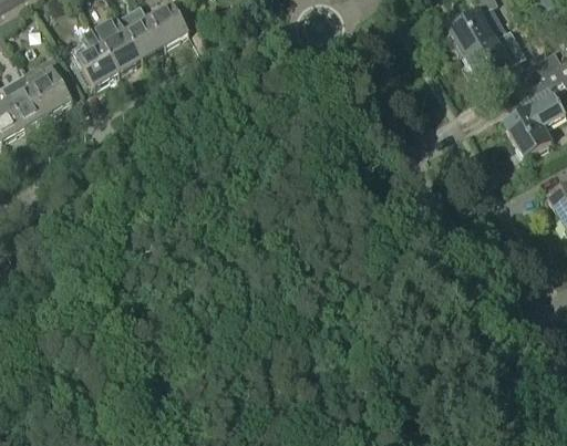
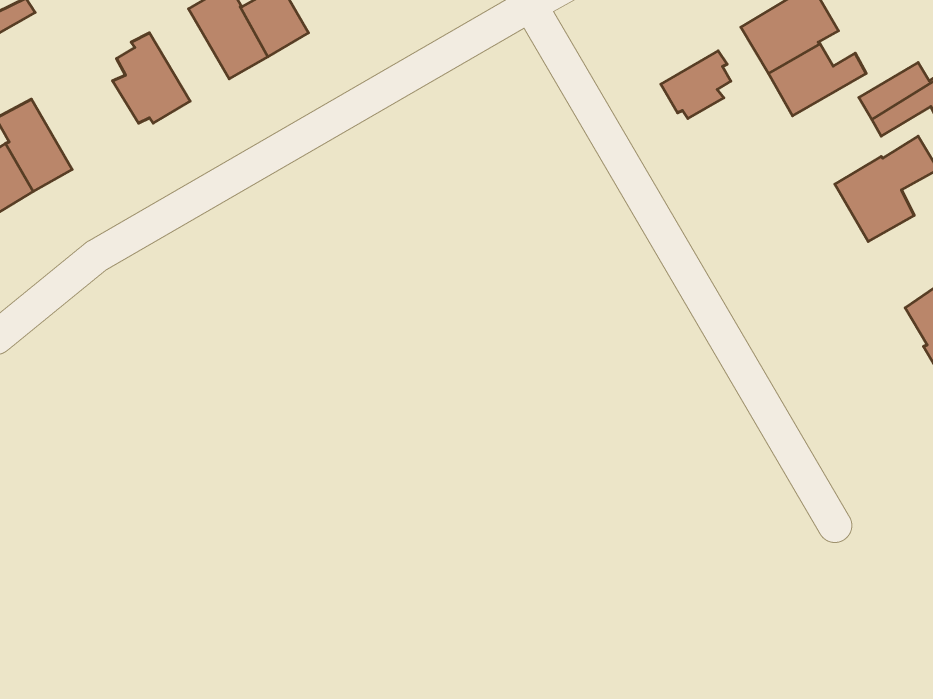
building: [93,17,141,72] -> none
building: none -> [661,51,731,118]
building: [22,53,71,113] -> none

